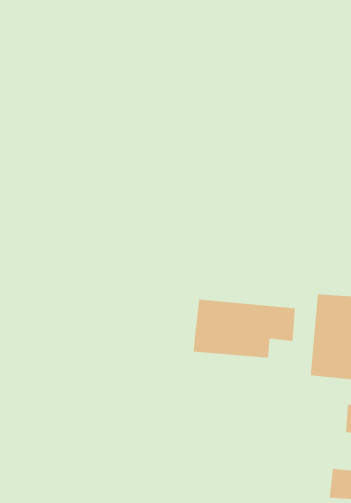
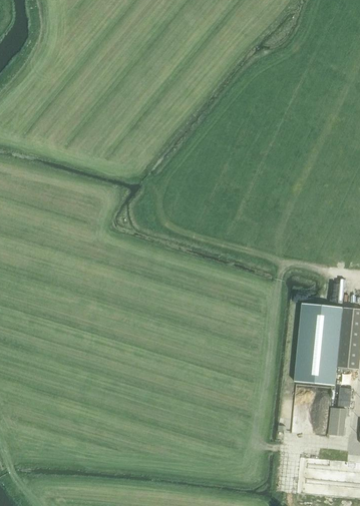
building: [193,299,296,359] -> none

